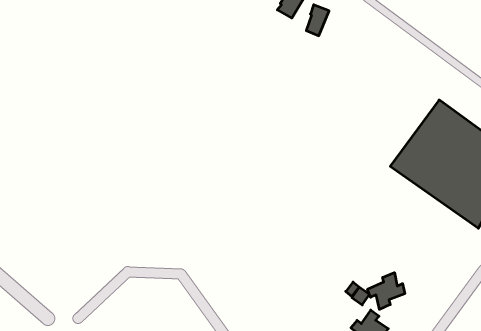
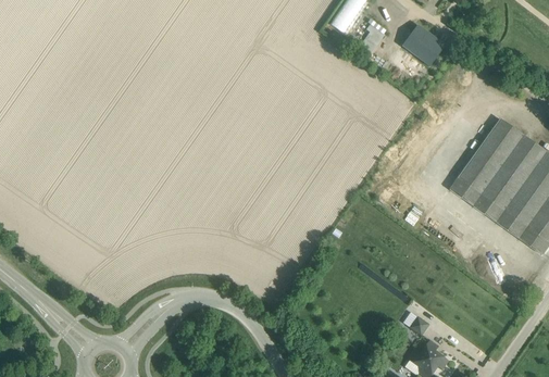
building: none -> [403,25,446,66]
building: [368,273,405,309] -> none

